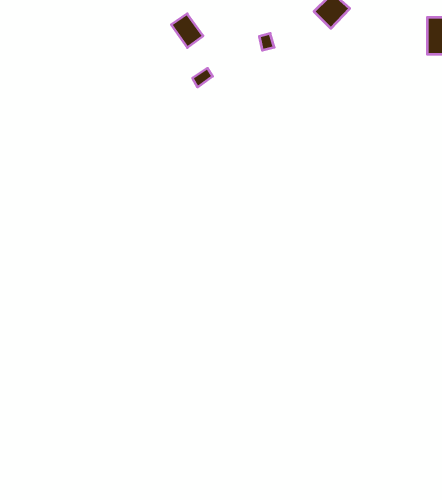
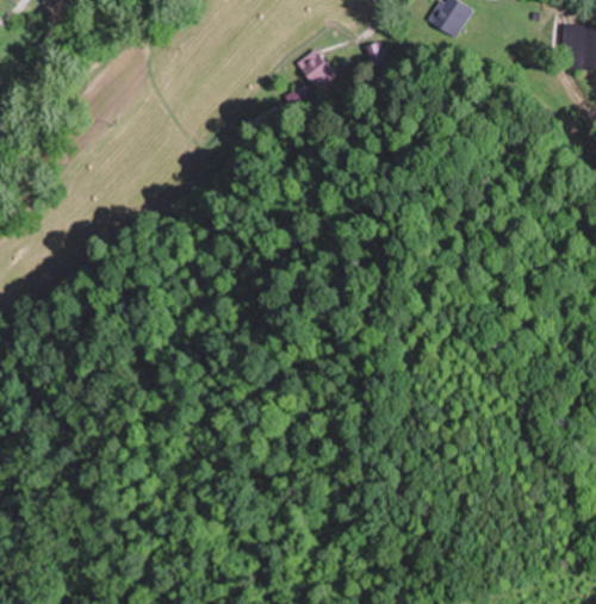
building: [171,14,203,48] -> [297,49,335,89]

